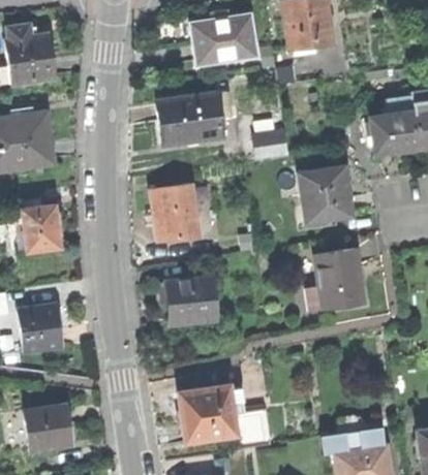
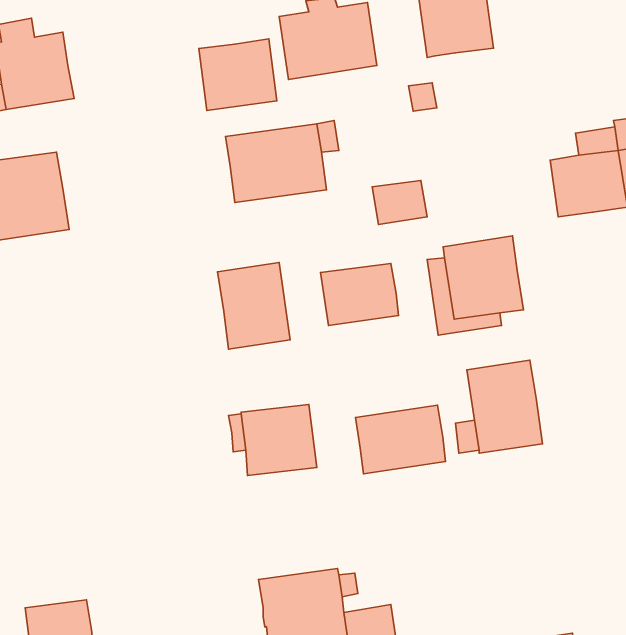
building: none -> [199,39,277,110]
building: none -> [321,263,398,326]
building: [23,204,62,251] -> none
building: none -> [355,405,446,474]
building: [20,304,64,351] -> none

